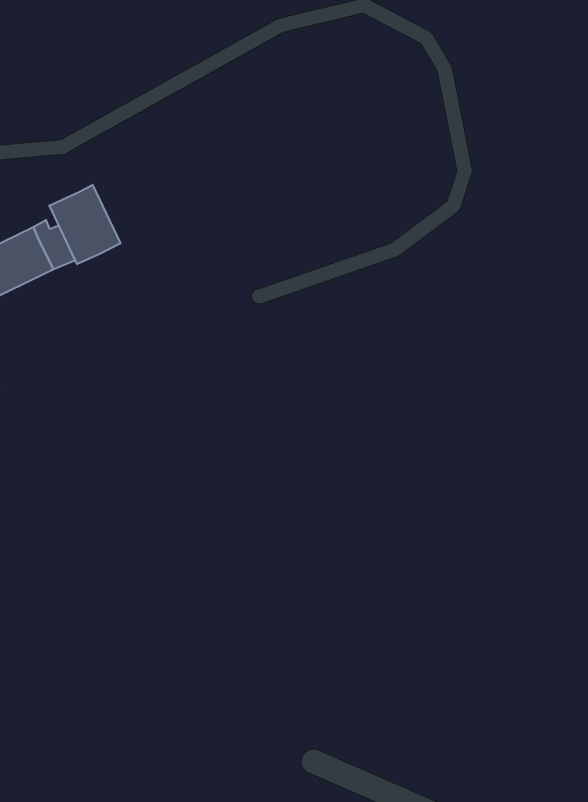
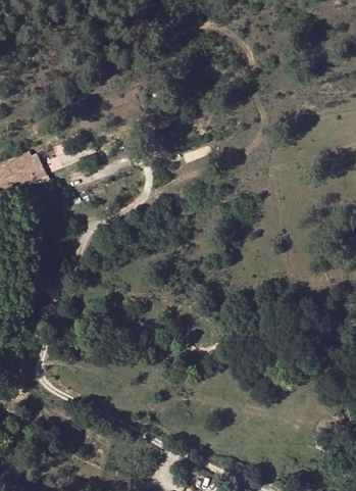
building: [49,185,120,264] -> none

